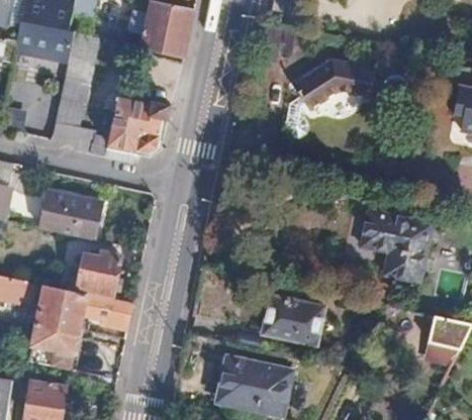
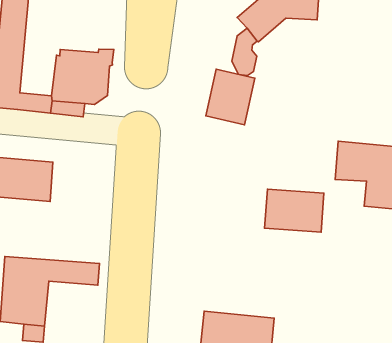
building: none -> [206,69,255,125]
building: [79,251,121,295] -> none
building: [263,299,322,345] -> [265,189,324,232]

